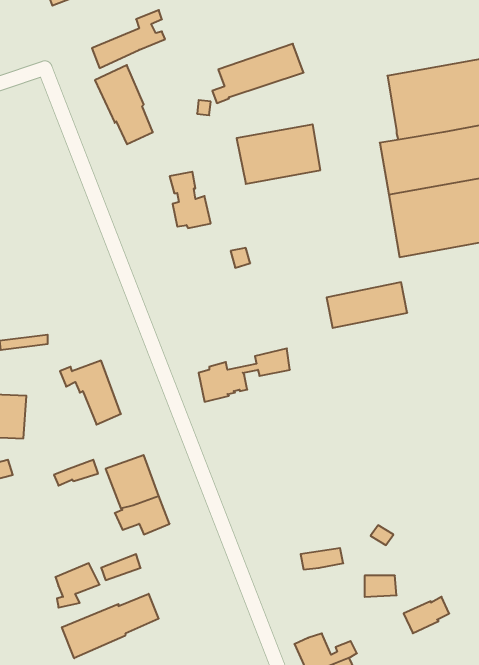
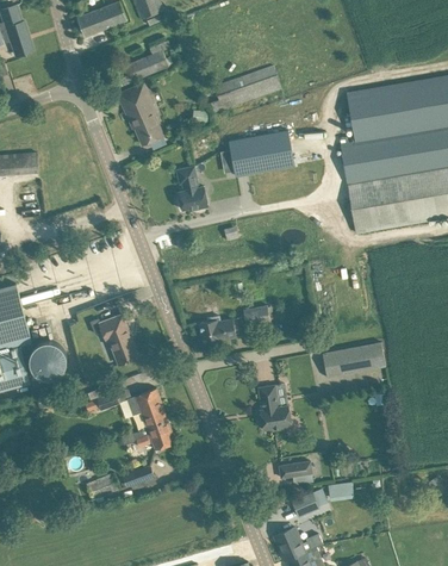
building: [327,282,407,328] -> [323,342,386,378]
building: none -> [259,385,292,431]
building: [62,594,159,658] -> none
building: [404,597,449,633] -> [292,489,328,517]

